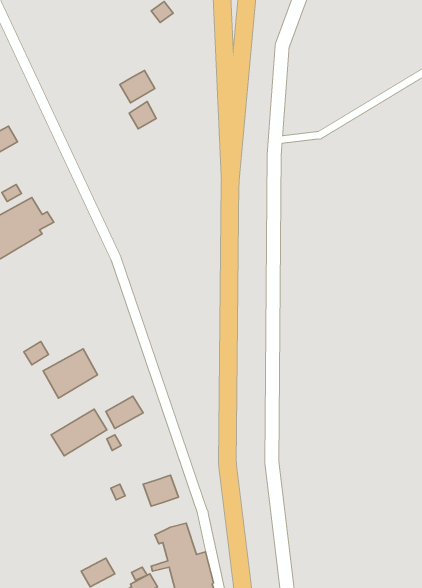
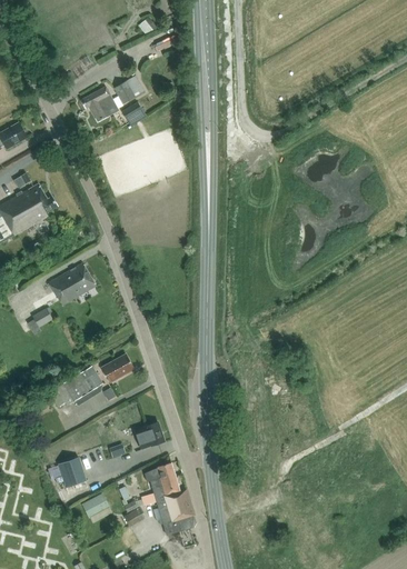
building: none -> [80,87,117,122]
building: [43,349,98,398] -> [48,263,95,306]
building: none -> [57,457,86,488]

